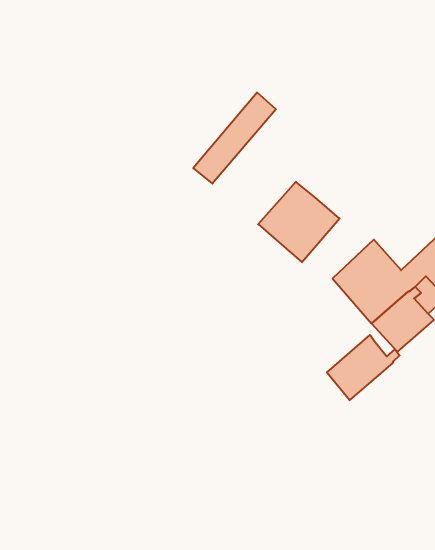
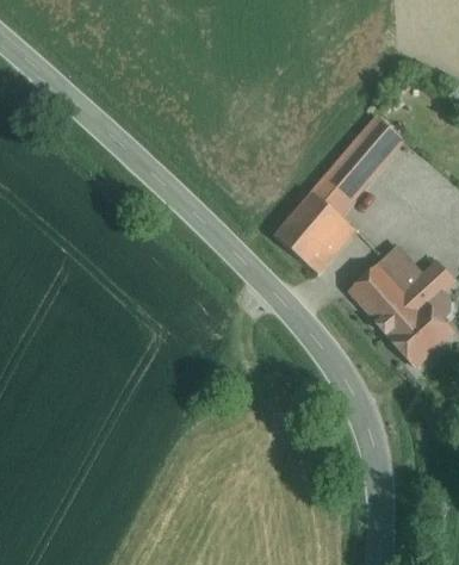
building: [193,93,276,184] -> [312,116,396,207]
building: [327,335,400,400] -> none

